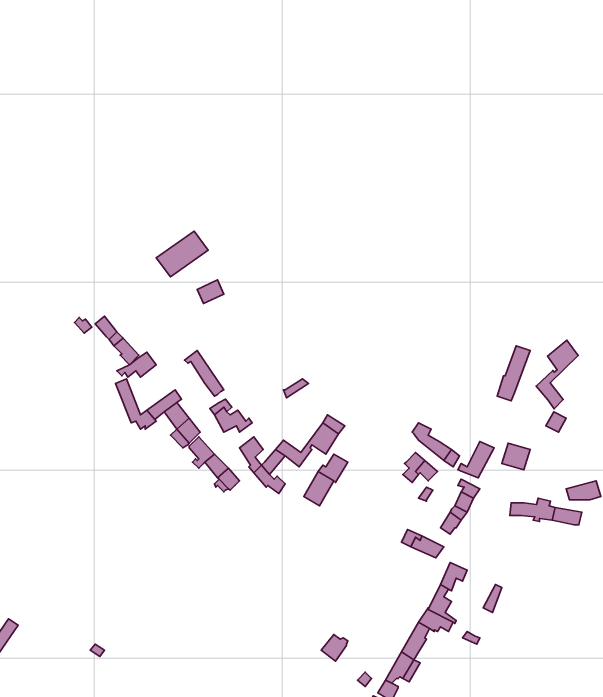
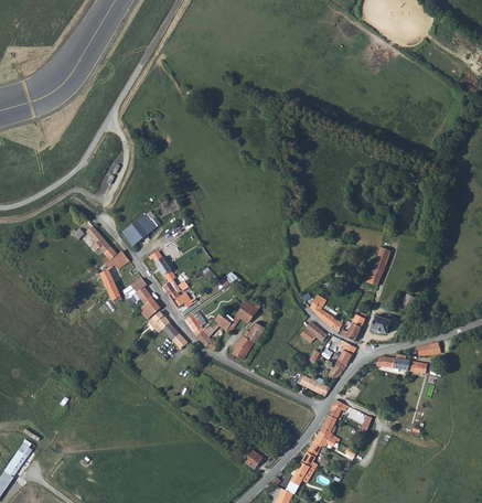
building: [156,231,208,277] -> [122,214,159,246]
building: [536,340,578,409] -> none

